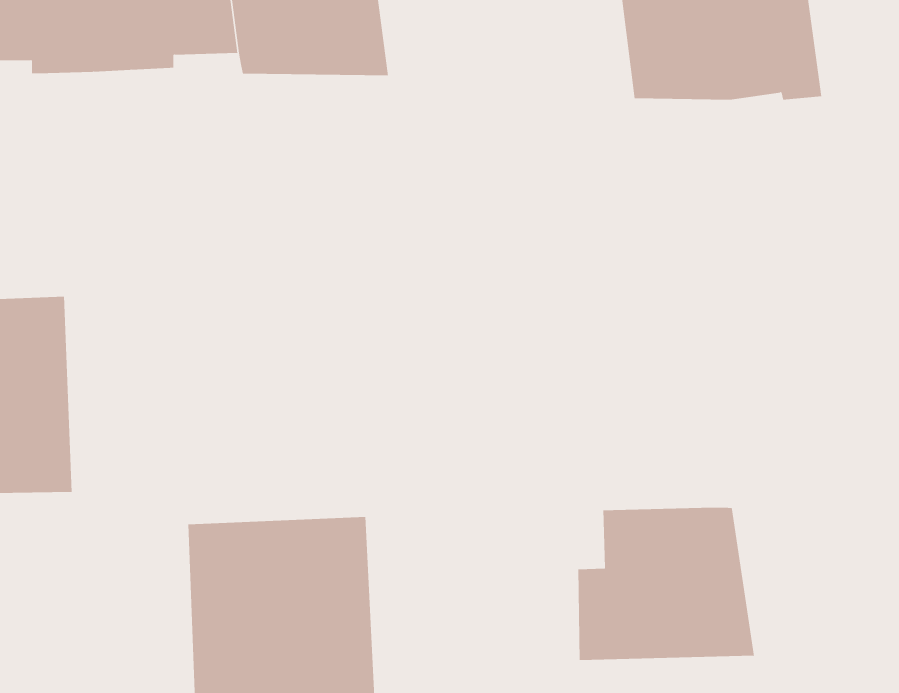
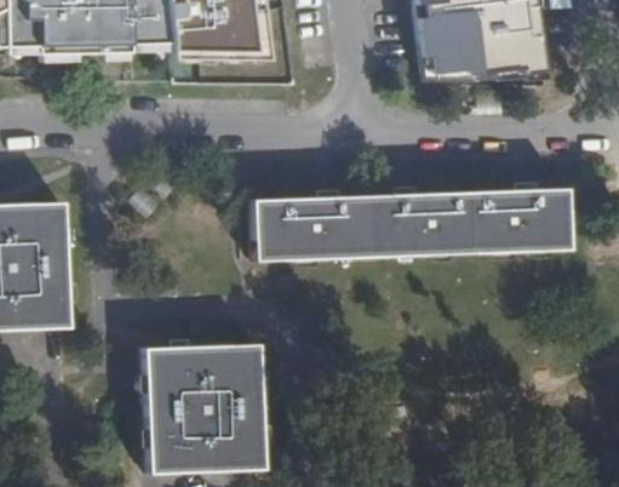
building: none -> [250,189,568,260]
building: [578,507,755,661] -> none

